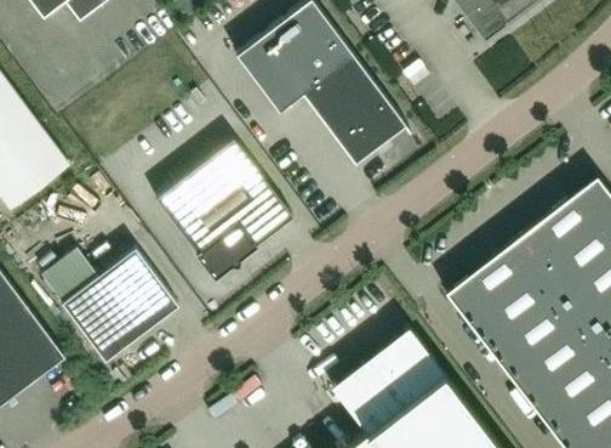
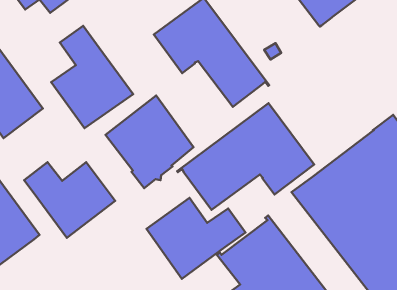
building: none -> [51,26,133,128]
building: none -> [177,103,314,210]
building: none -> [147,198,245,279]

